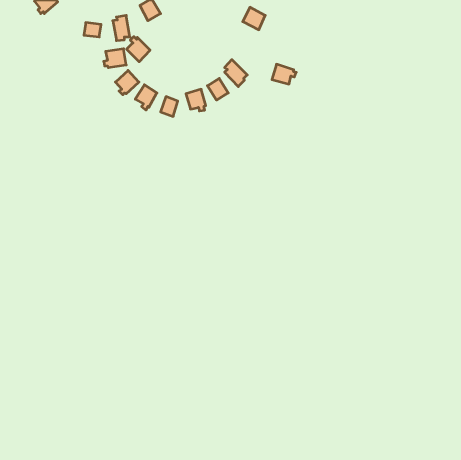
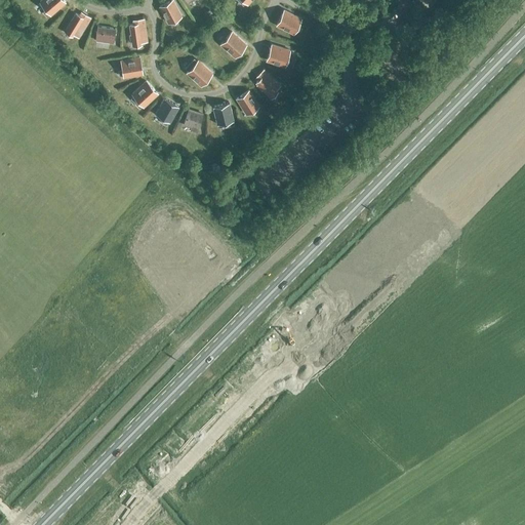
building: none -> [64,11,91,38]
building: none -> [219,31,247,58]
building: [127,37,150,62] -> [186,58,212,87]
building: [272,64,296,84] -> [266,44,293,67]

